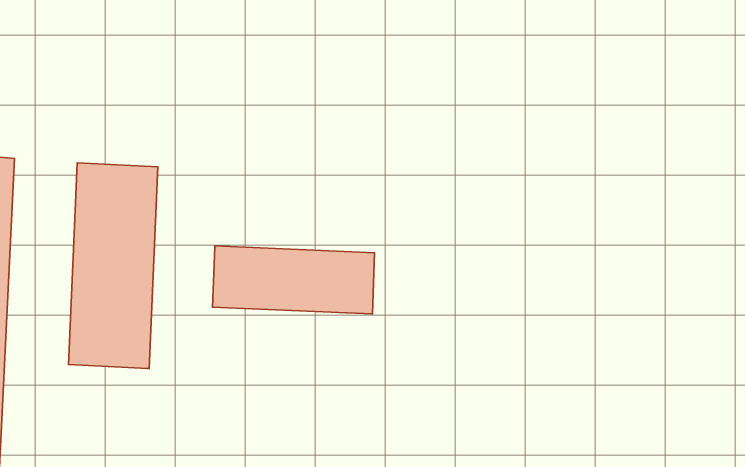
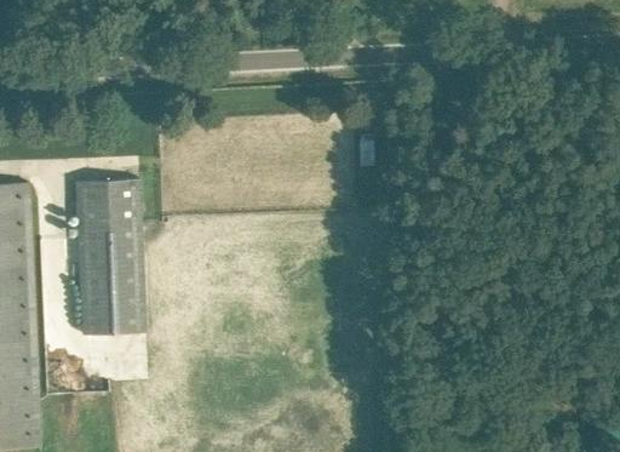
building: [213,246,374,314] -> none

